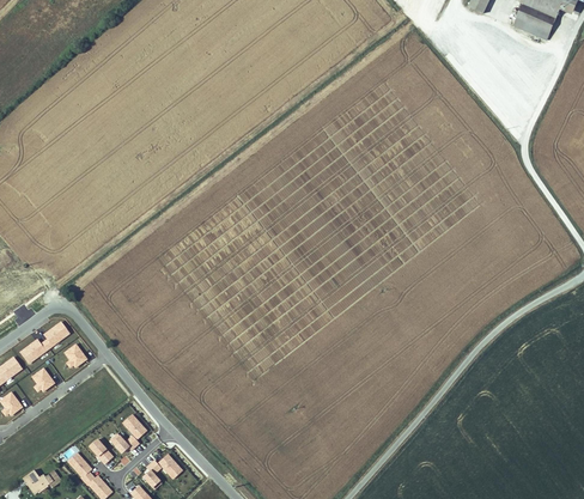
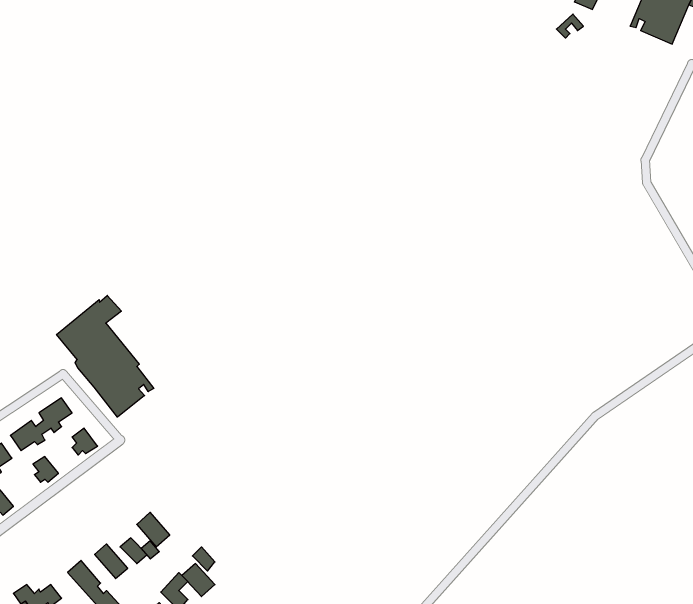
building: none -> [57,295,154,417]

